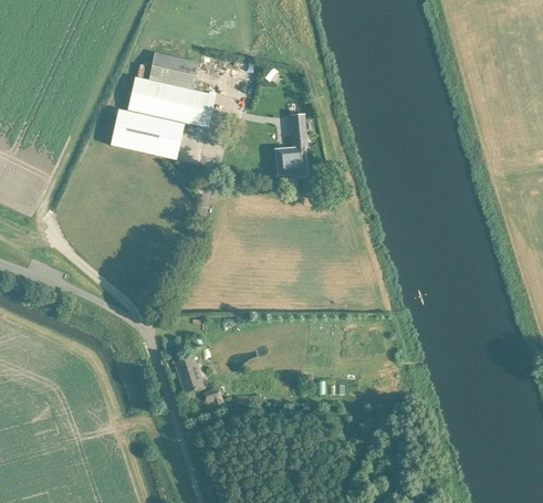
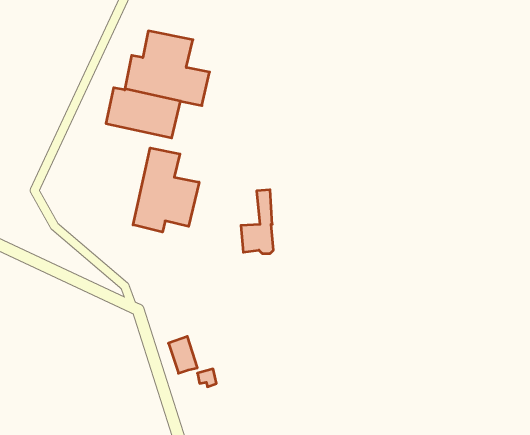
building: [273,113,305,176] -> [241,190,273,253]
building: none -> [133,148,199,232]

